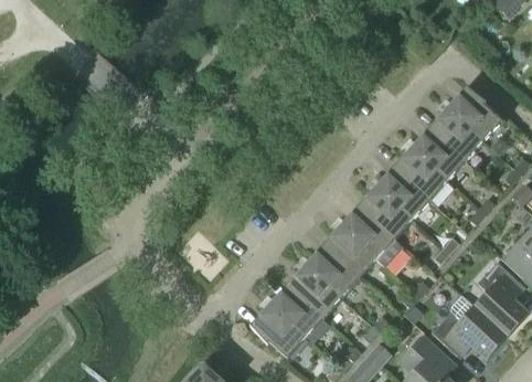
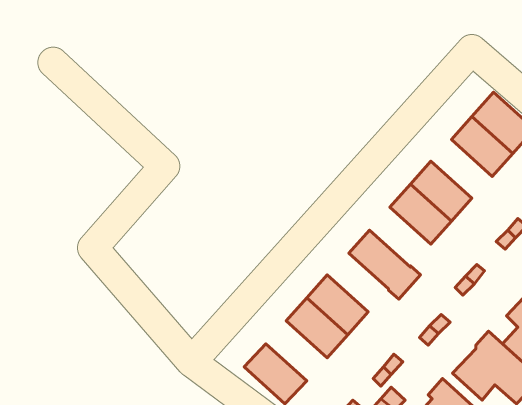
building: [413,129,466,180] -> none
building: [360,188,413,240] -> none
building: [323,227,376,278] -> none
building: [270,286,323,338] -> none

